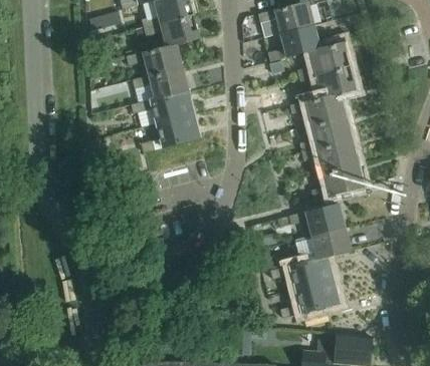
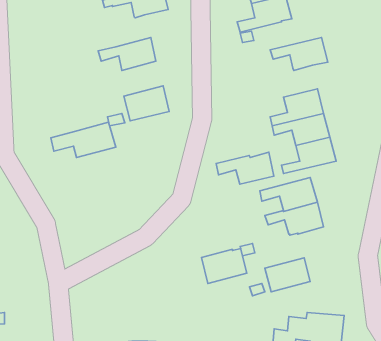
building: [297,43,350,79] -> none
building: [126,45,183,76] -> none
building: [132,90,195,124] -> [51,122,116,157]
building: [289,94,346,125] -> [216,152,274,184]
building: [288,258,333,292] -> [202,248,247,283]

